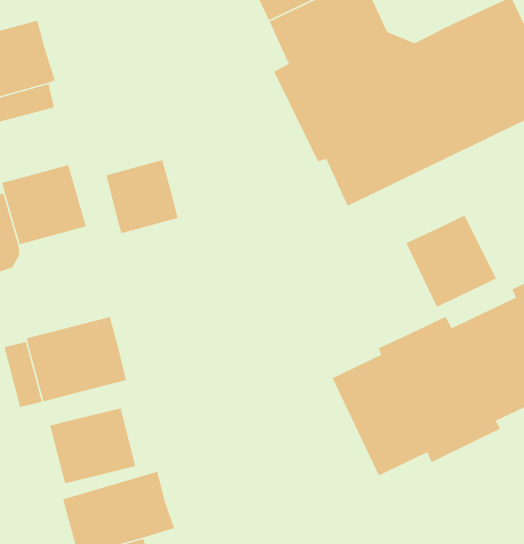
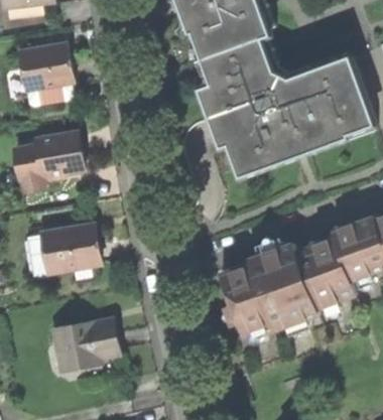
building: [105,159,178,234] -> none
building: [406,214,497,308] -> none
building: [49,407,136,484] -> none

